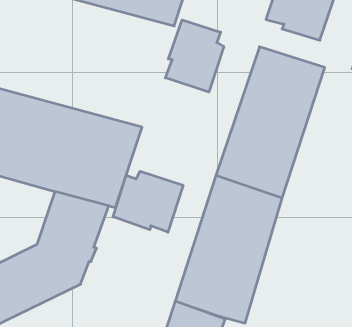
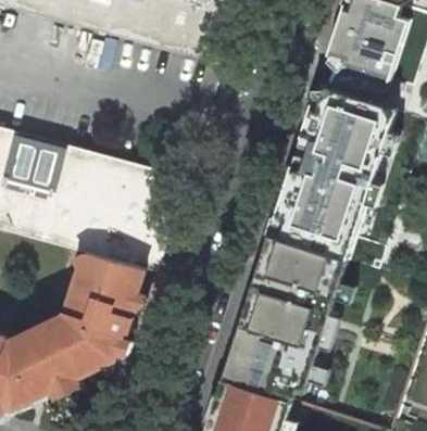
building: [165,20,224,92] -> none
building: [113,171,183,232] -> none

